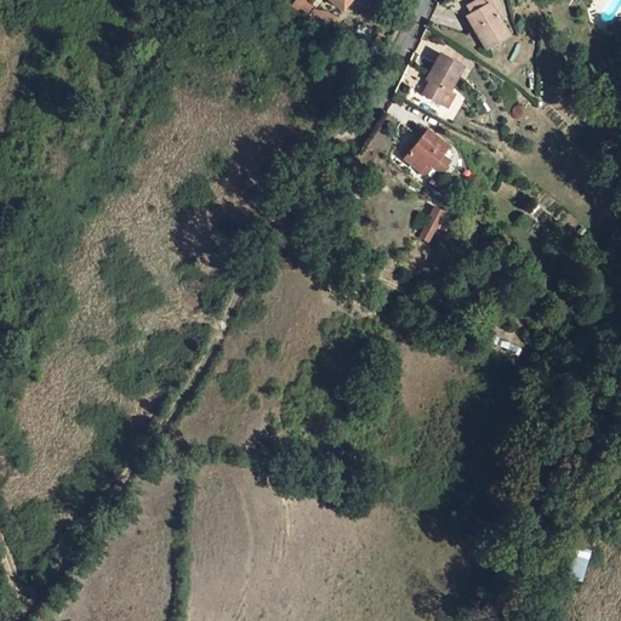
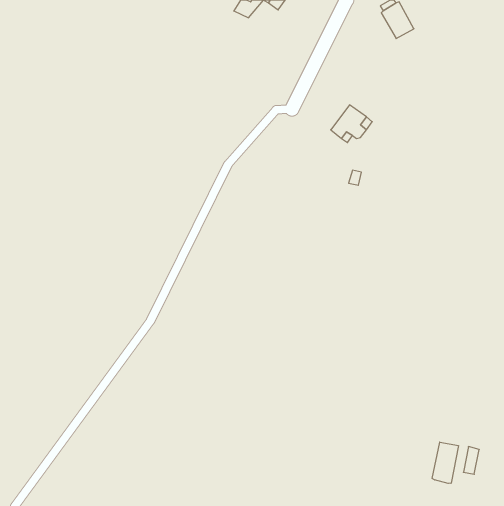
building: [425,52,463,107] -> none
building: none -> [432,442,458,483]

